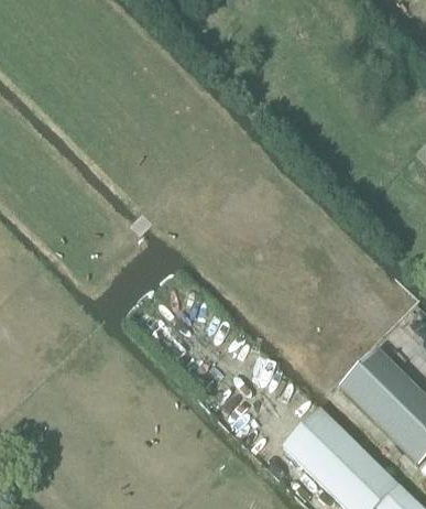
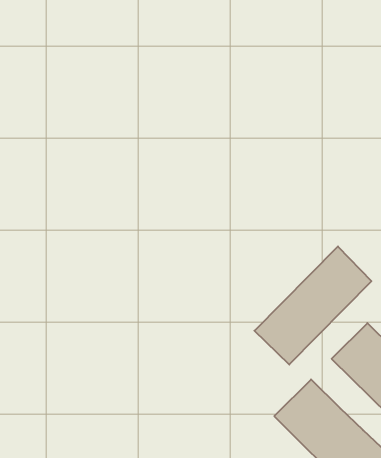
building: none -> [254,246,371,365]

